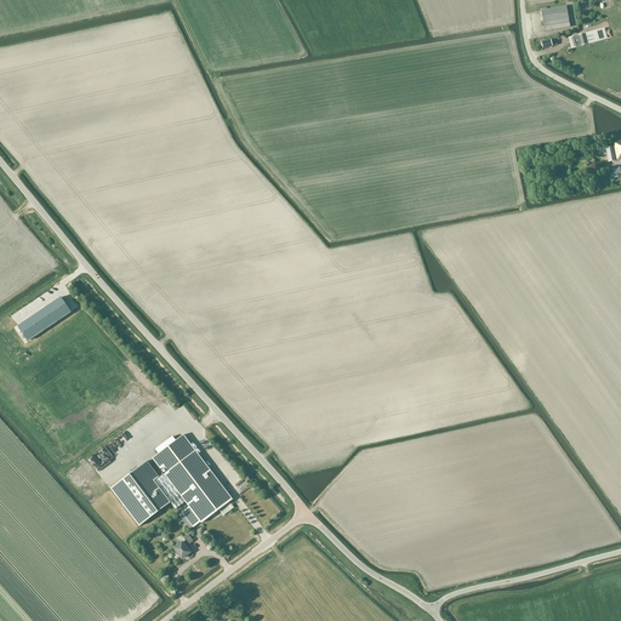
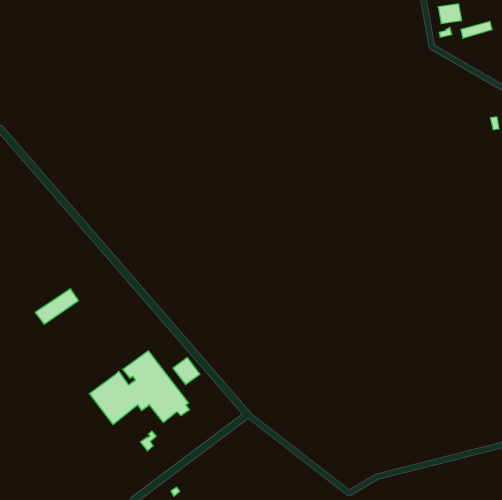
building: [17,295,70,338] -> [35,289,78,324]
building: none -> [173,358,200,385]

